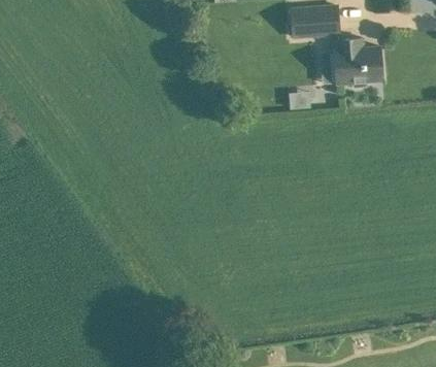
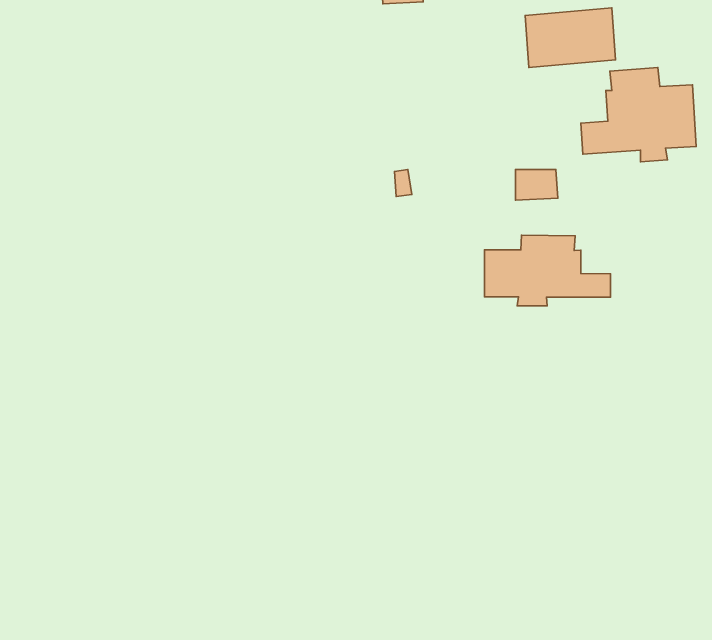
building: none -> [484,235,611,306]

